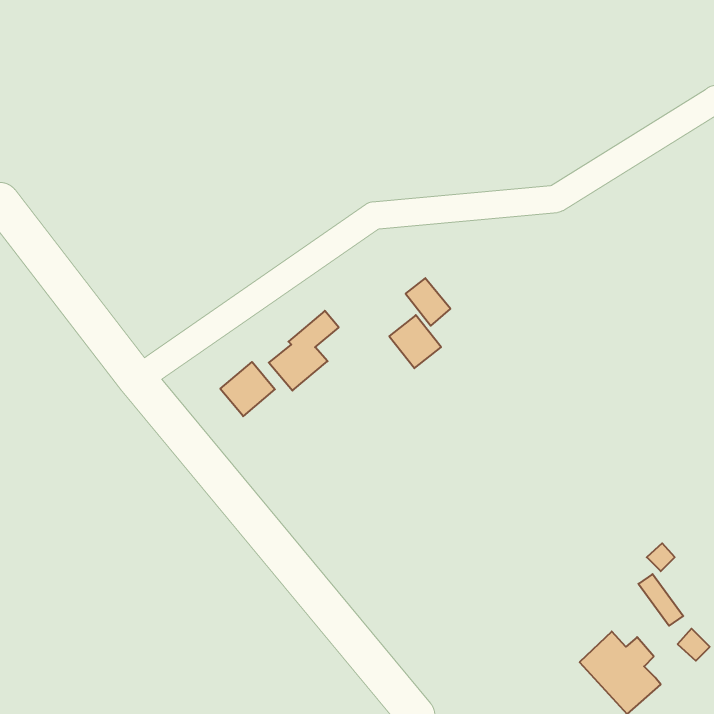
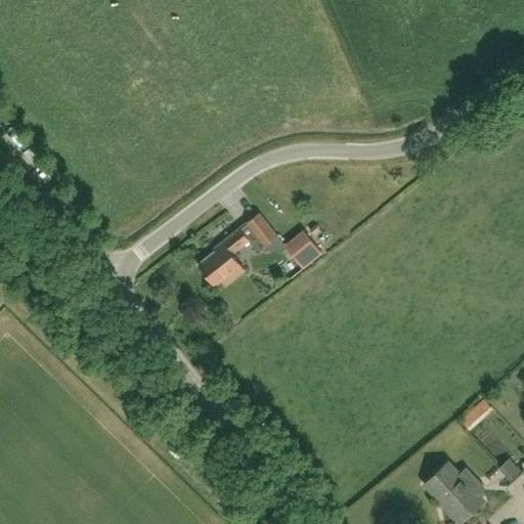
building: [406,278,450,326] -> [247,213,279,248]
building: [220,362,275,416] -> none

